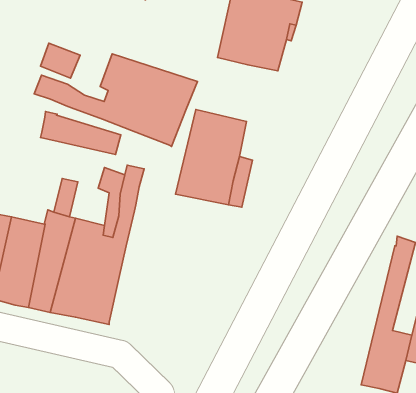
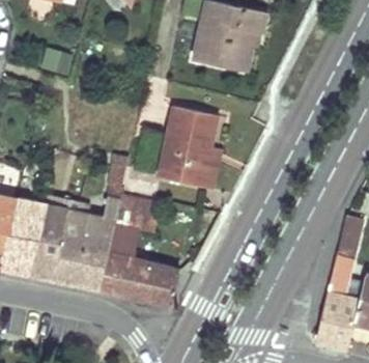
building: [34,54,198,147] -> none
building: [40,111,121,155] -> none
building: none -> [100,193,178,305]

